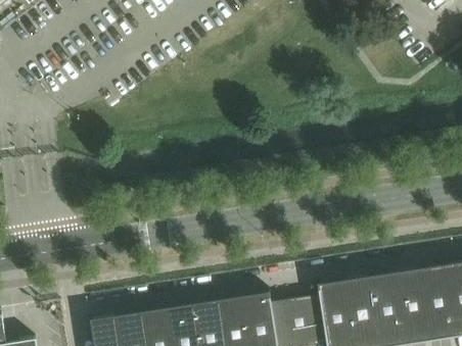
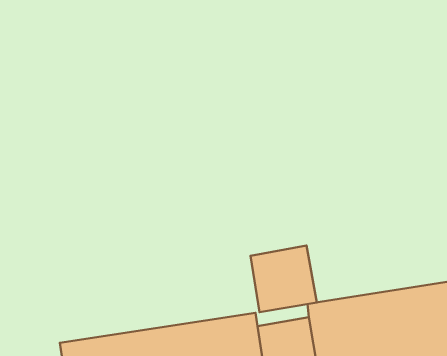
building: none -> [250,245,317,312]

